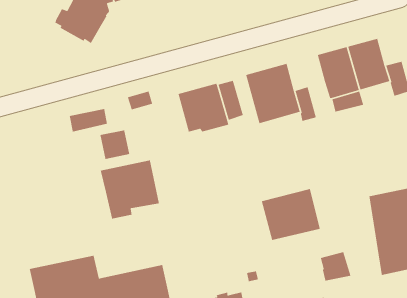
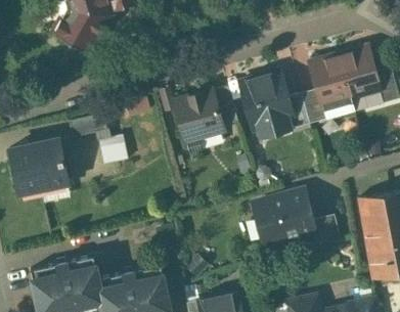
building: none -> [301,88,326,123]
building: [100,159,160,220] -> [9,138,68,196]
building: [320,251,351,282] -> [310,214,341,243]

